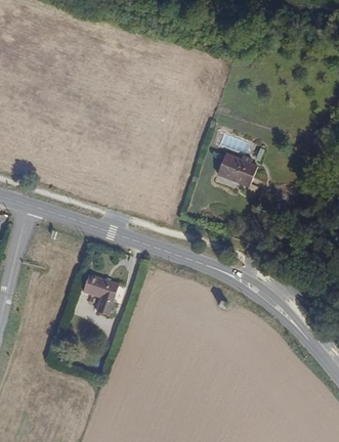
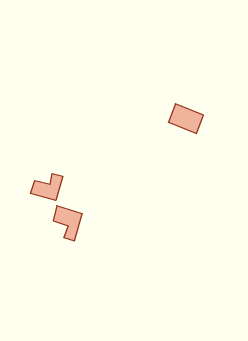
building: none -> [30,174,63,200]

